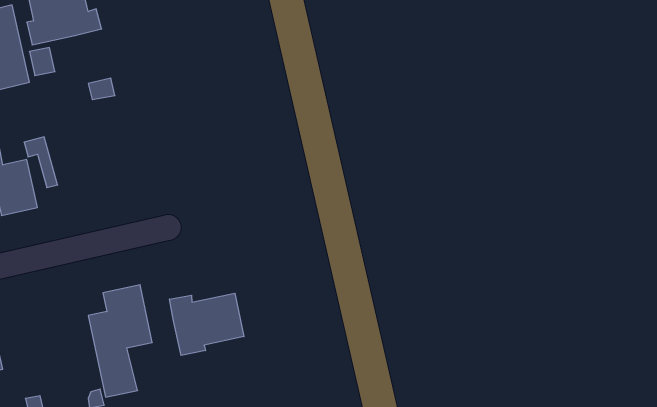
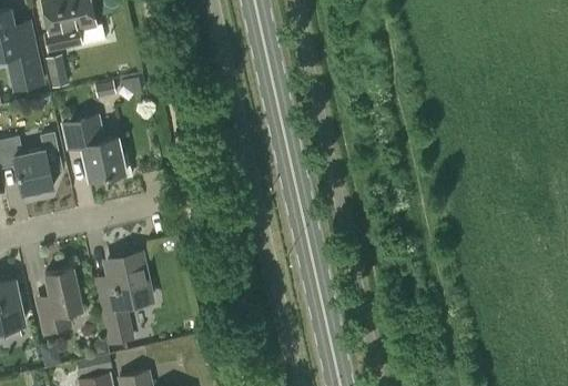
building: none -> [61,114,133,182]
building: [170,293,244,355] -> none
building: none -> [34,267,82,334]

